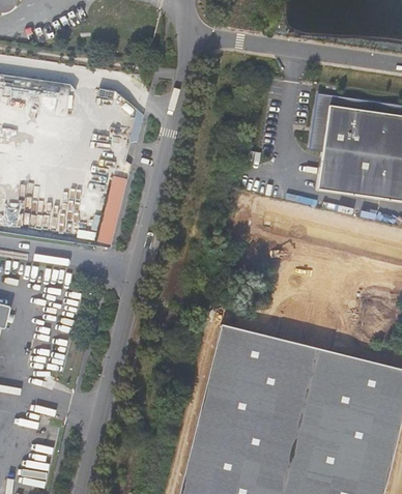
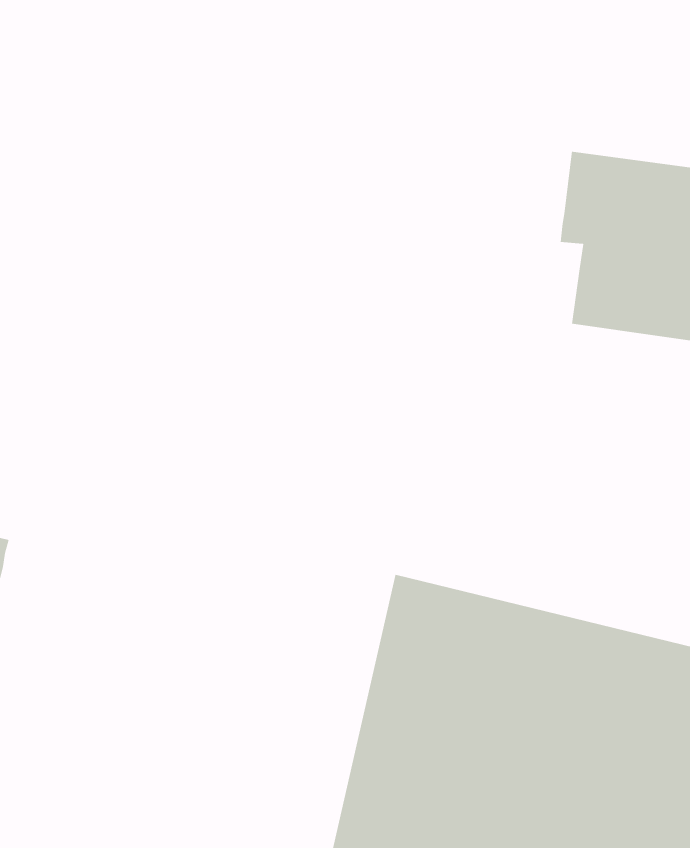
building: [98,175,128,245] -> none

